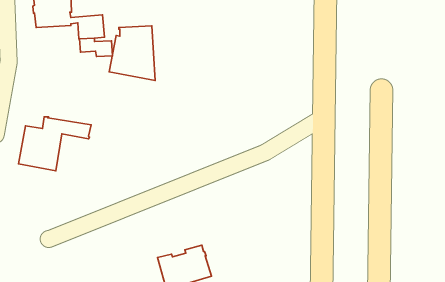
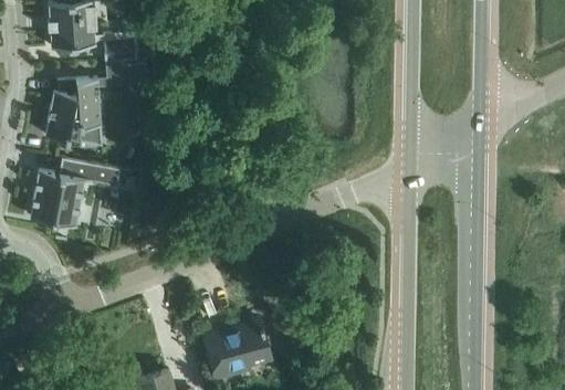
building: [109,26,155,81] -> [45,78,103,147]

